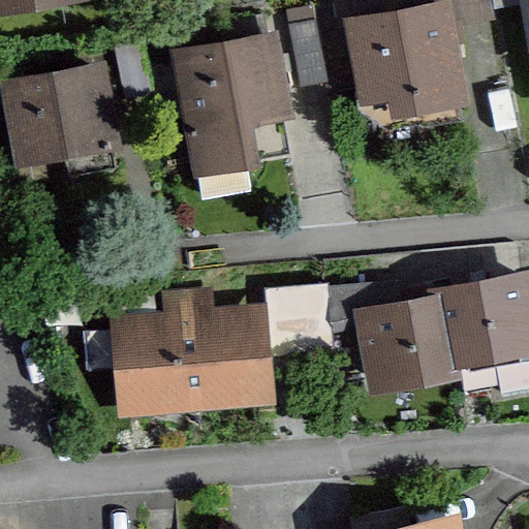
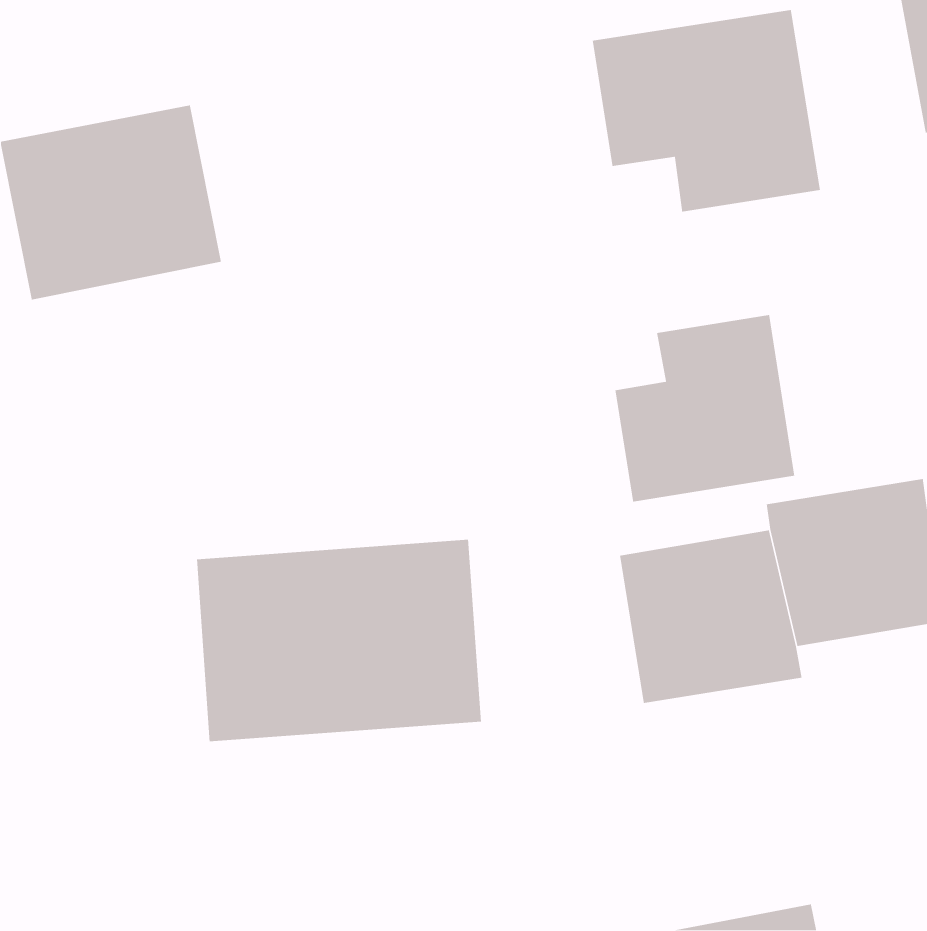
building: [167,30,291,177] -> none
building: none -> [615,314,795,503]

